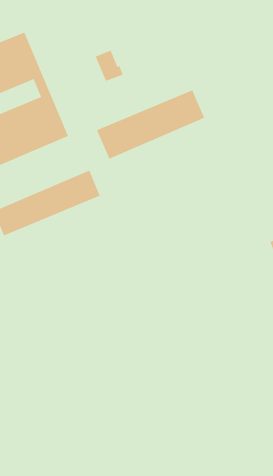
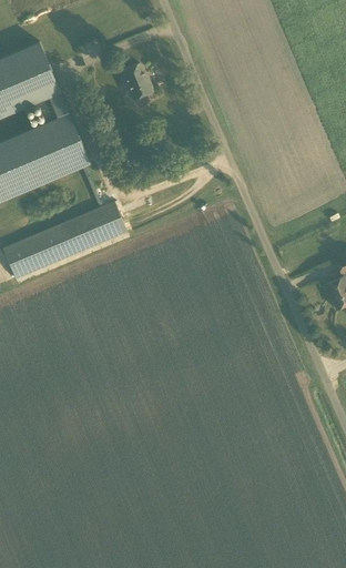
building: [96,89,205,159] -> none

